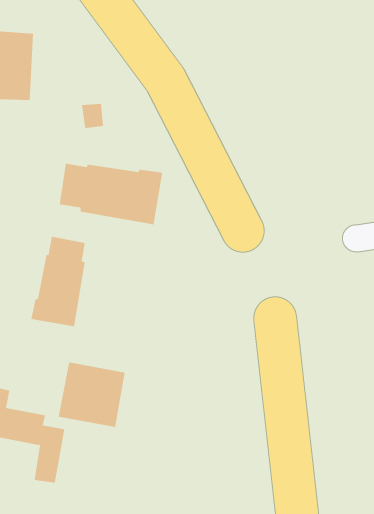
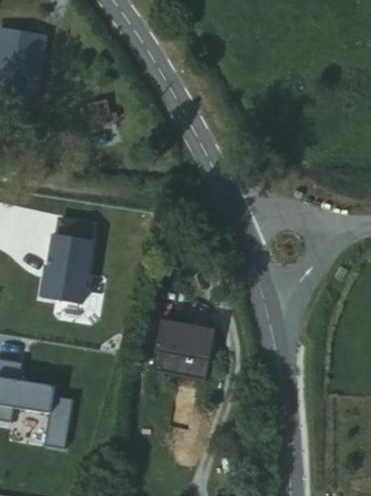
building: [59,163,163,225] -> none
building: [58,362,126,428] -> [142,320,205,381]

